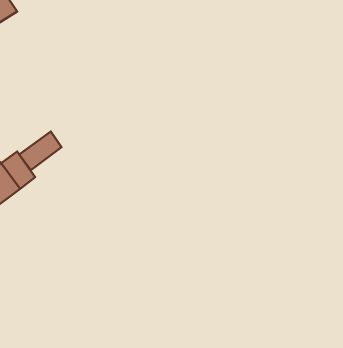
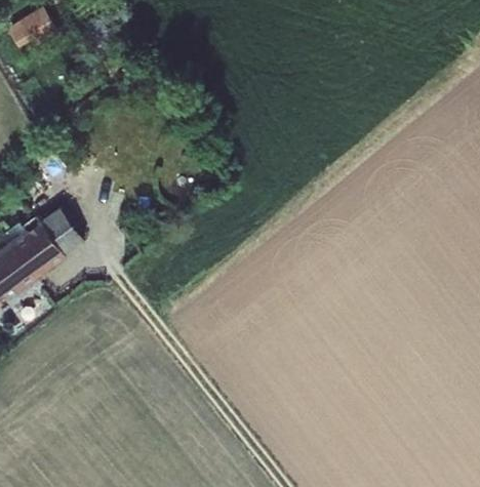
building: [19,132,61,170] -> none

